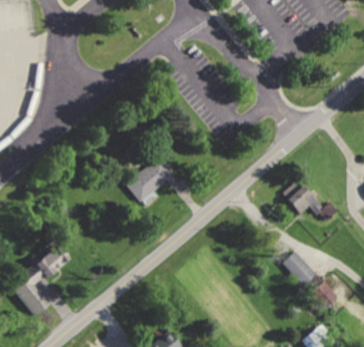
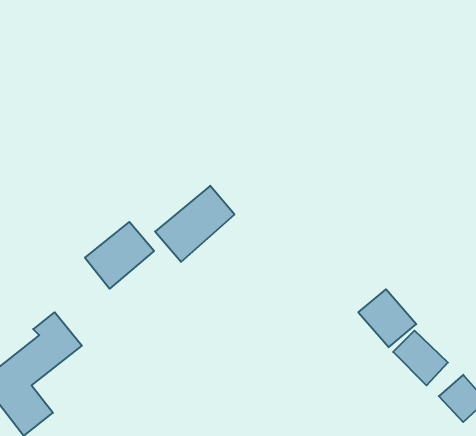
building: none -> [85,222,154,289]
building: [282,180,320,218] -> [358,289,416,347]

